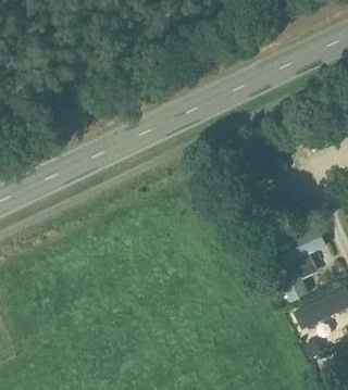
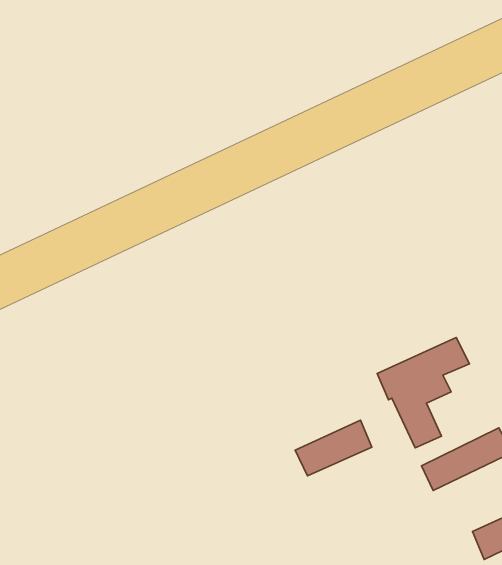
building: none -> [295,420,372,476]

